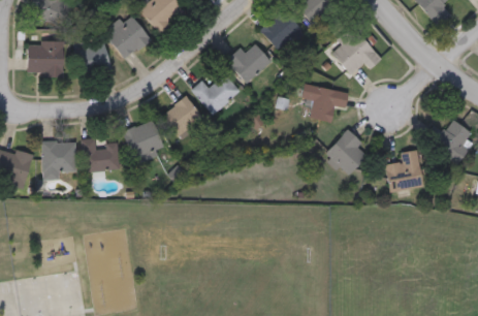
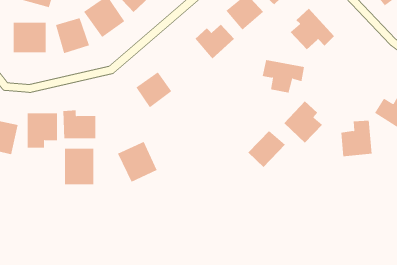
building: [190,75,237,115] -> none
building: [121,119,165,164] -> [117,141,157,182]
building: none -> [247,130,286,168]
building: none -> [65,148,94,185]

